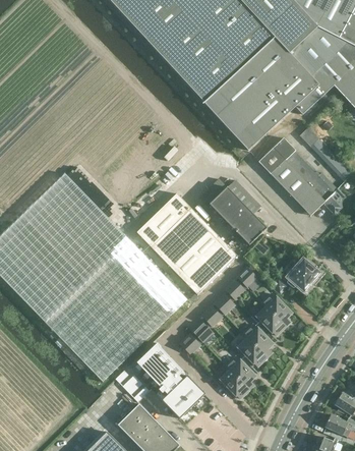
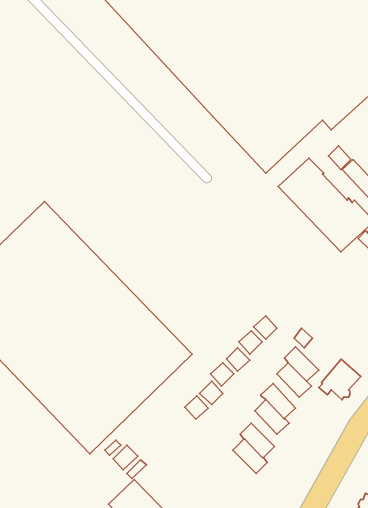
building: [202,178,268,244] -> none
building: [136,193,237,294] -> none
building: [286,259,320,292] -> [319,359,361,400]
building: [138,344,206,416] -> none

